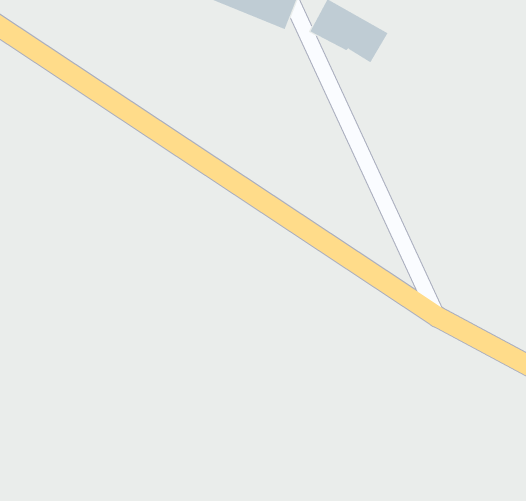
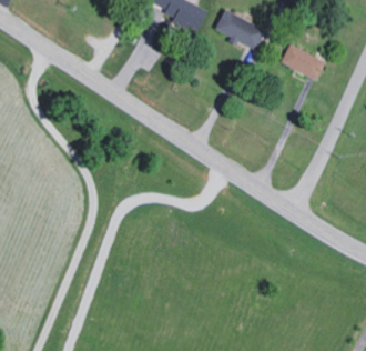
building: none -> [281,44,326,81]

